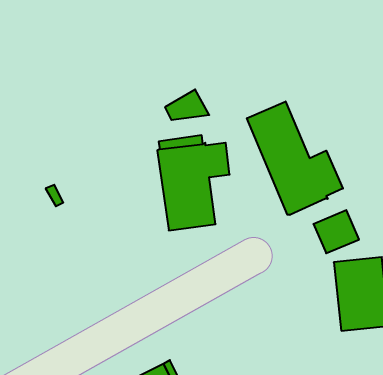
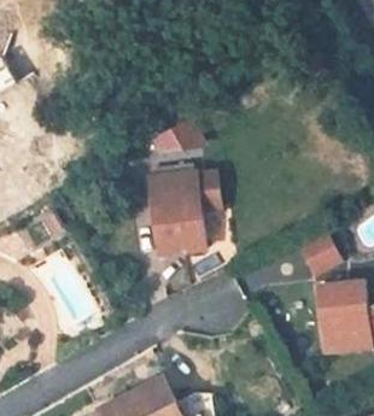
building: [247,101,343,215] -> none

